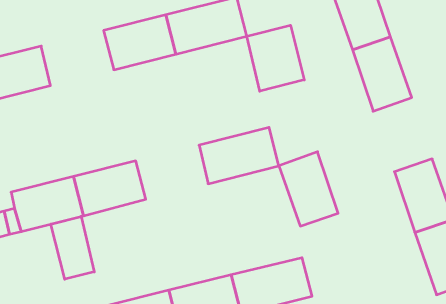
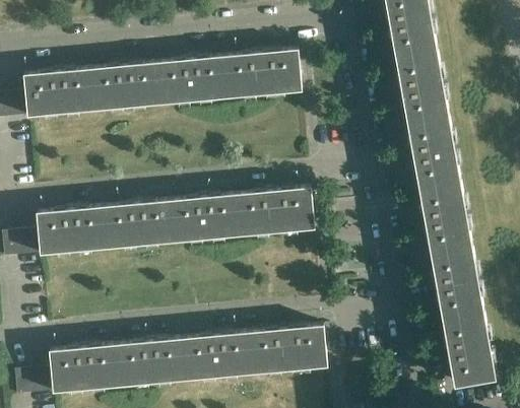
building: [247,25,304,91] -> none
building: none -> [90,63,160,111]
building: none -> [169,195,239,242]
building: [279,152,338,226] -> [418,180,471,253]
building: [51,216,94,279] -> none

